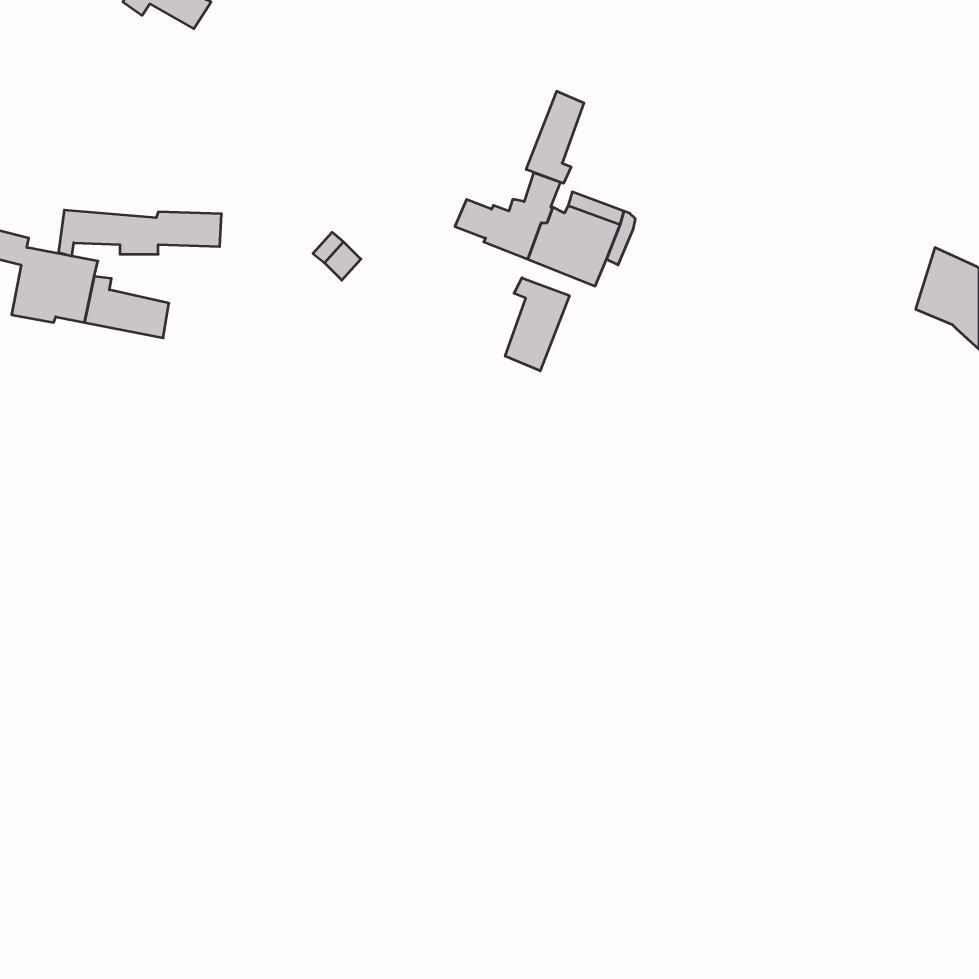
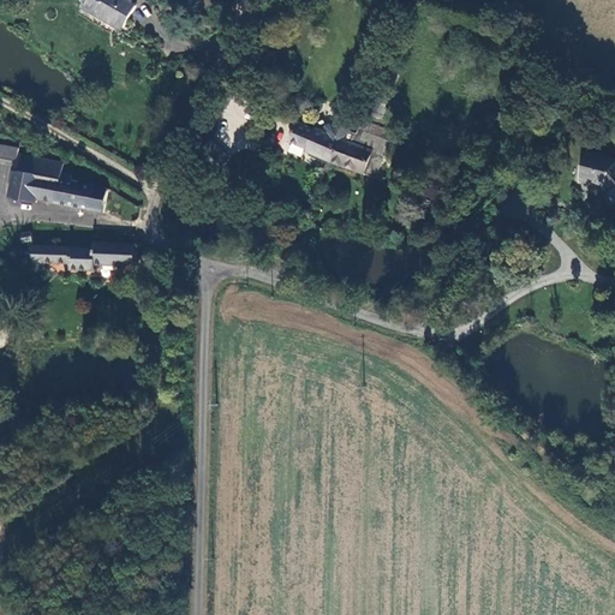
building: [526,91,584,183] -> none
building: [58,210,222,256] -> [32,243,135,271]
building: [505,278,569,371] -> none

